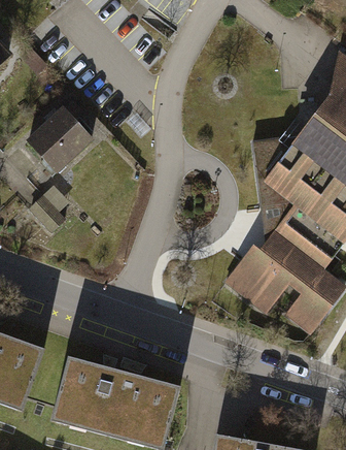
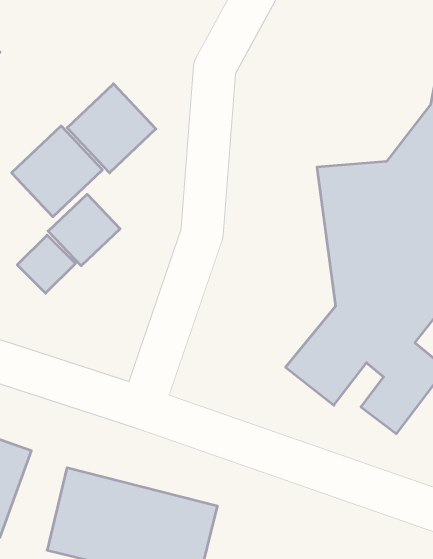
building: none -> [67,84,156,173]
building: none -> [48,194,120,266]

